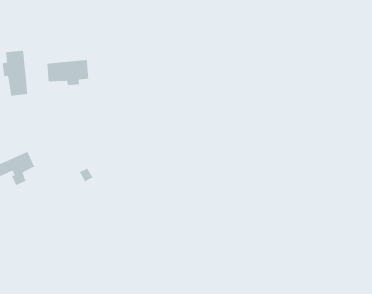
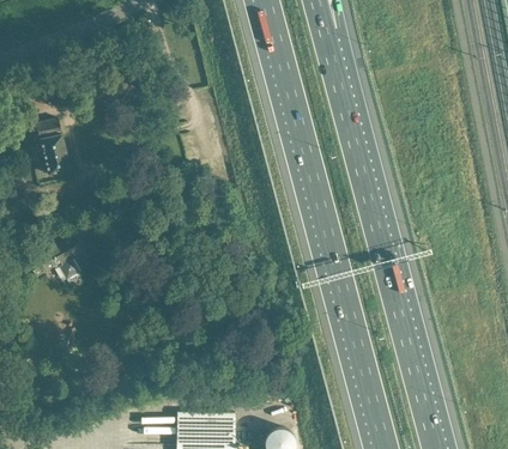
building: [47,59,89,86] -> none

